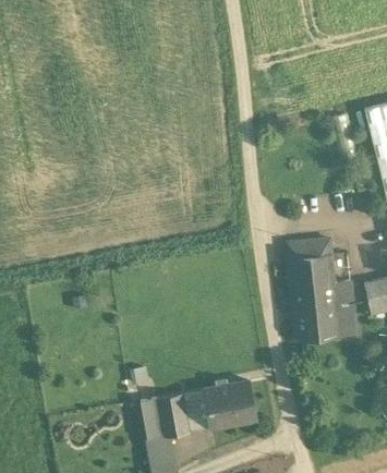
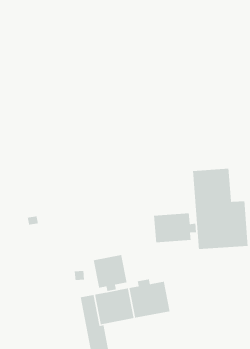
building: none -> [153,212,197,243]
building: none -> [93,254,127,292]

